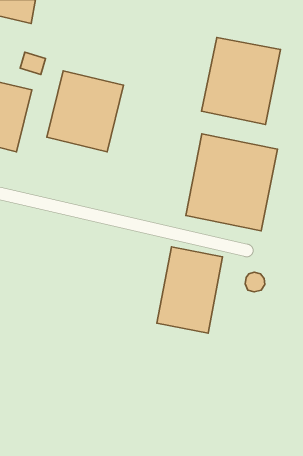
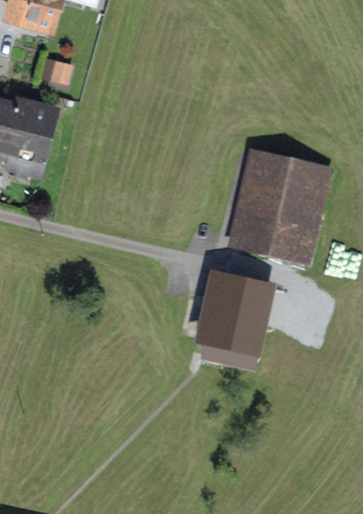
building: [201,38,280,125] -> none
building: [47,71,123,152] -> none

